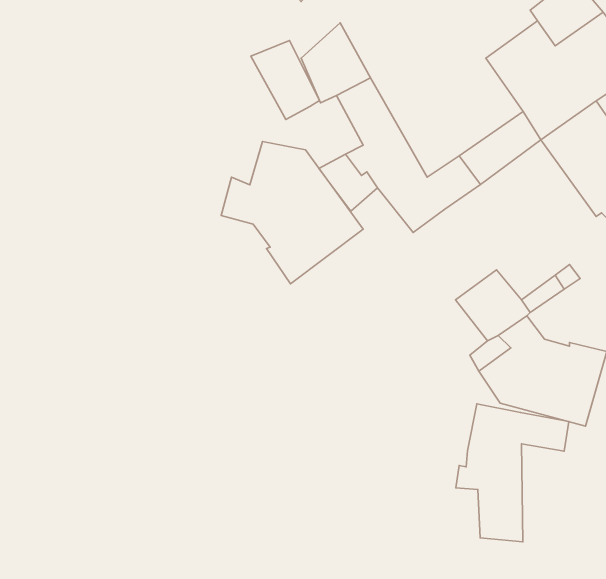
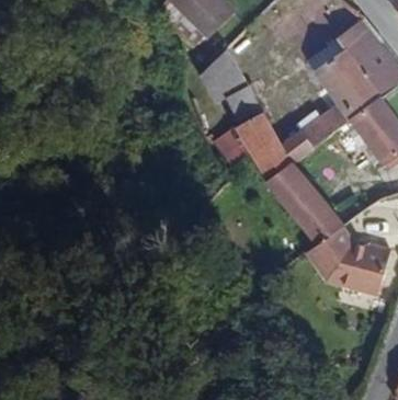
building: [251,40,320,119] -> none
building: [221,141,363,284] -> none
building: none -> [266,163,321,219]
building: [456,404,569,542] -> none

